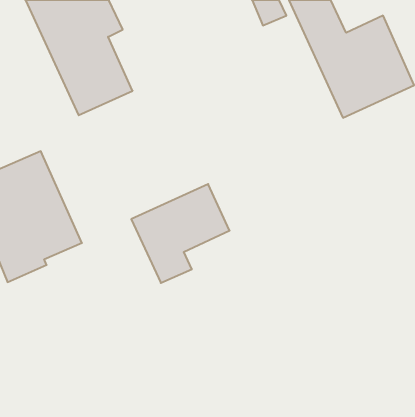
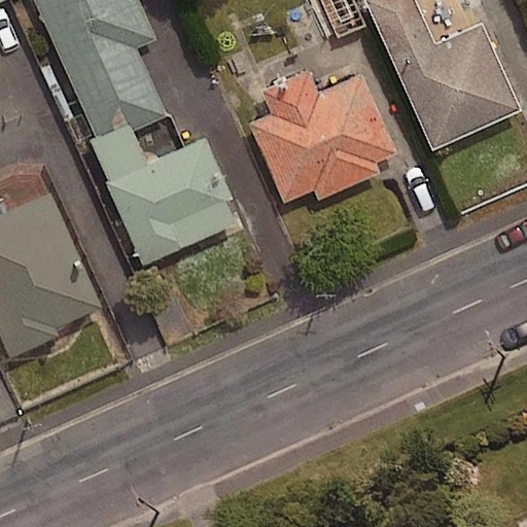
building: none -> [248,68,396,203]
building: [131,184,230,283] -> [107,138,231,262]

